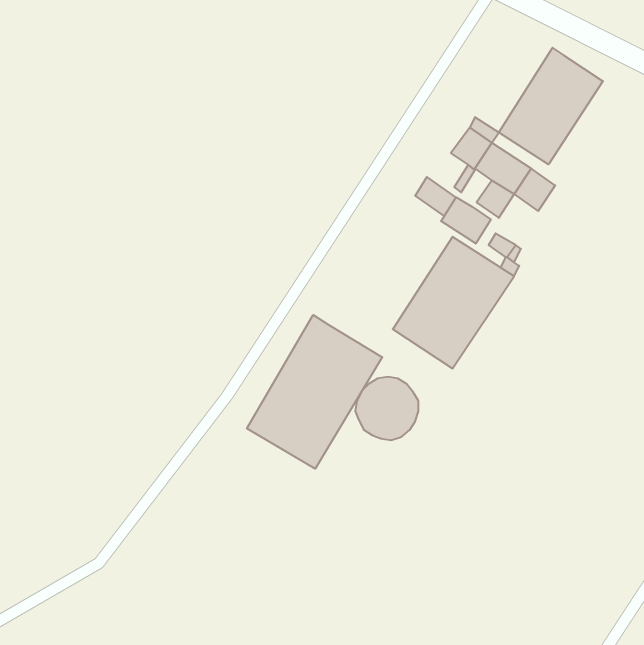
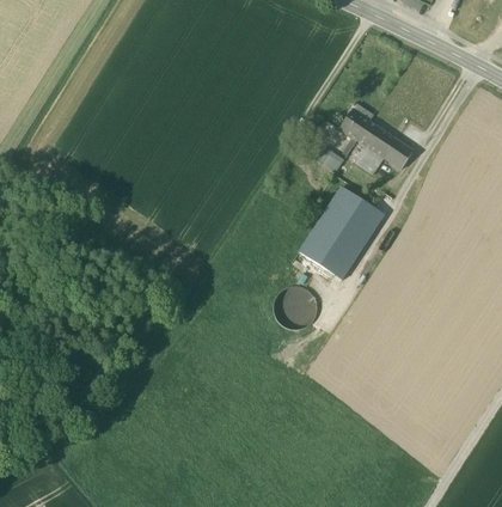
building: [499,48,603,164] -> none
building: [441,197,491,244] -> none
building: [247,315,382,469] -> none

